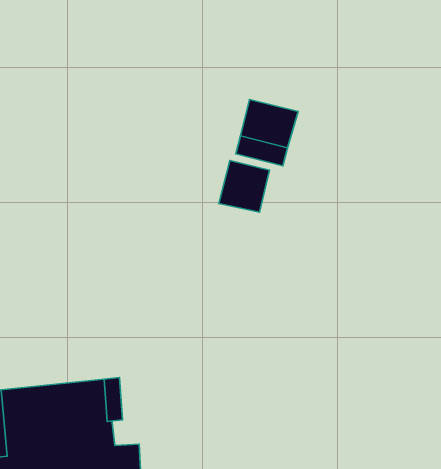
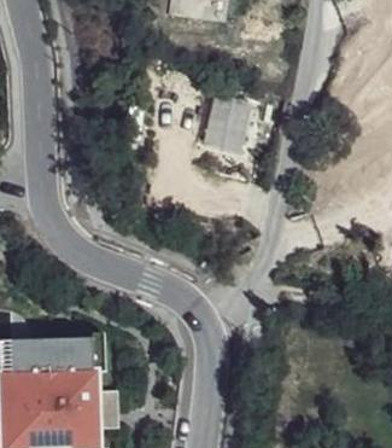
building: [219,160,269,212] -> none

